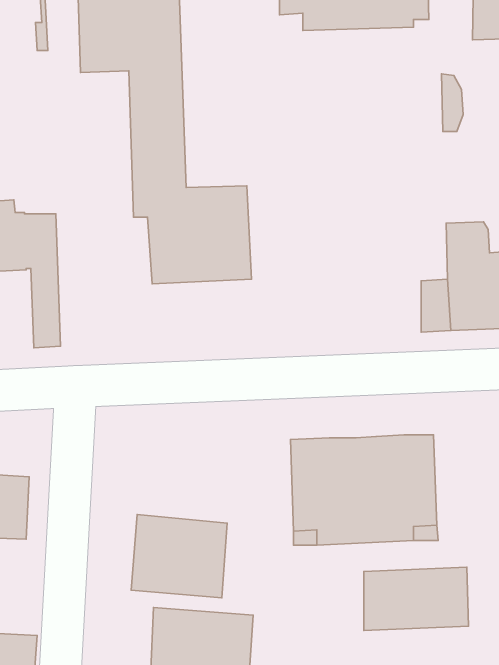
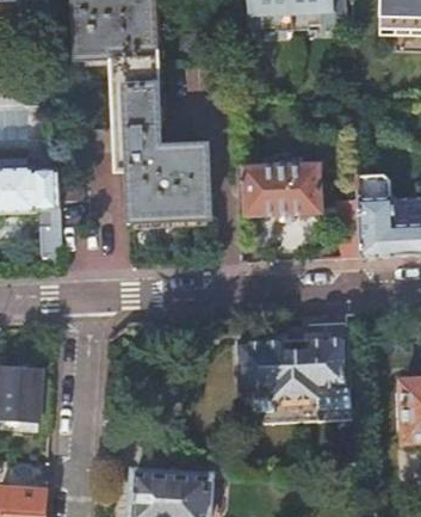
building: none -> [244,161,322,213]
building: [131,514,227,598] -> none
building: [364,567,469,630] -> none

